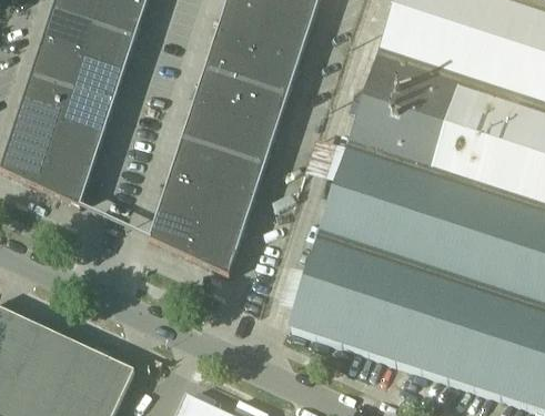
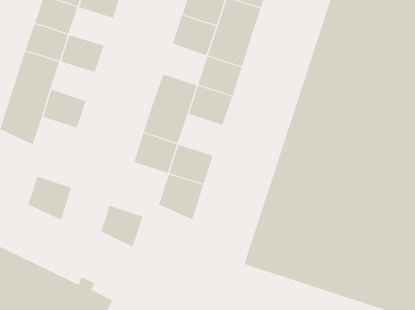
building: [82,23,135,69] -> none
building: [193,67,245,115] -> none
building: [61,88,113,134] -> none
building: [211,150,264,199] -> none
building: [40,153,92,205] -> [28,176,72,220]
building: [149,206,200,256] -> [100,205,144,247]

